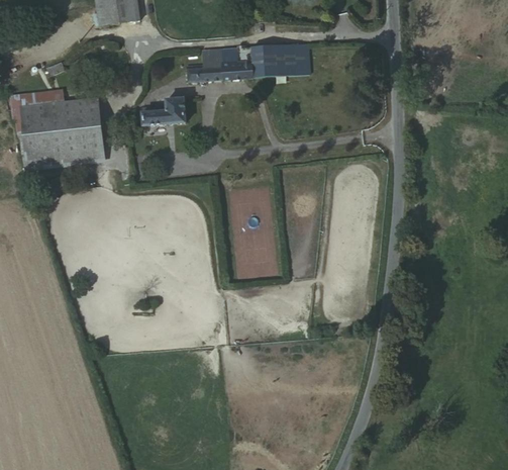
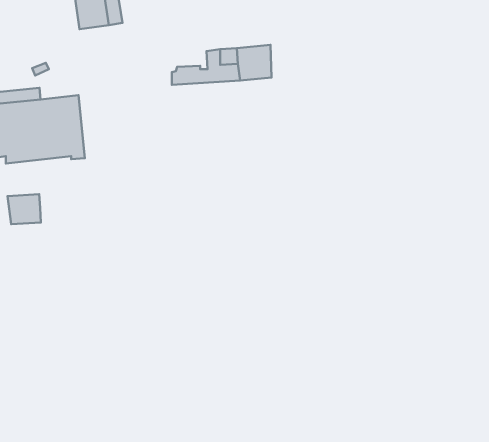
building: [283,42,308,76] -> none
building: [141,99,186,126] -> none
building: none -> [7,194,41,224]

